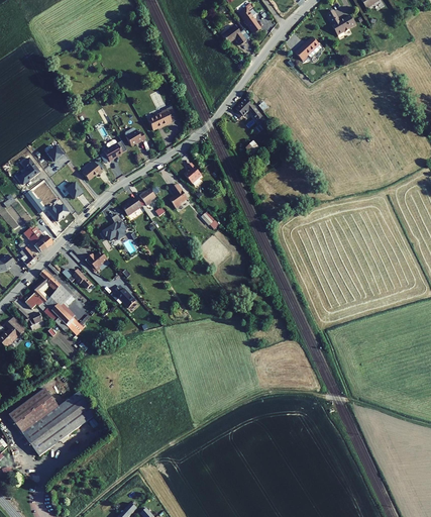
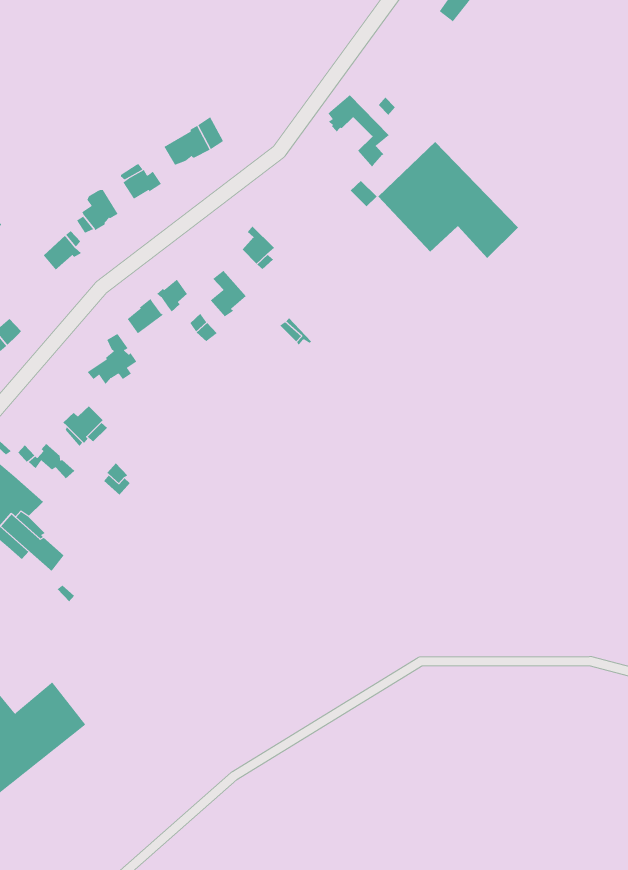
building: none -> [377,141,519,259]

